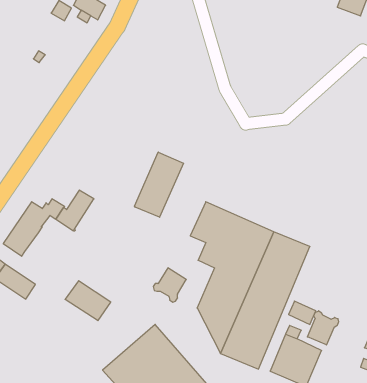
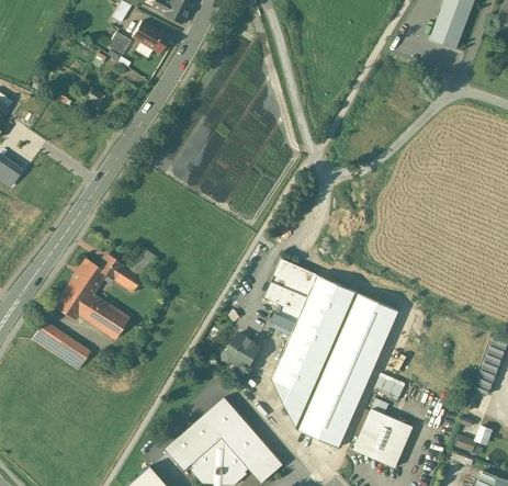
building: [134,152,183,217] -> none
building: [65,281,111,321] -> [77,294,128,339]
building: [307,311,339,345] -> none

